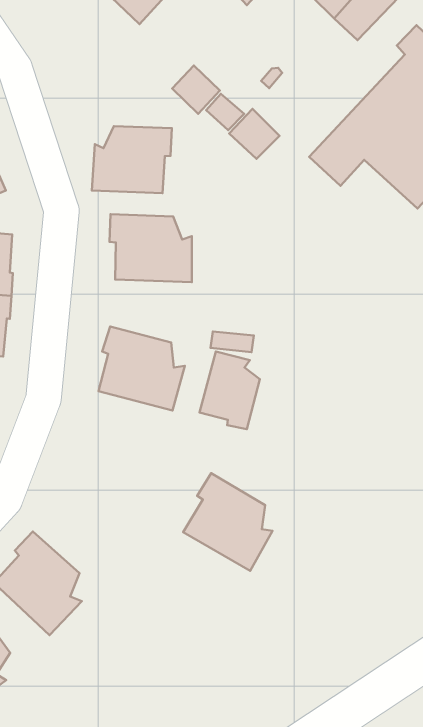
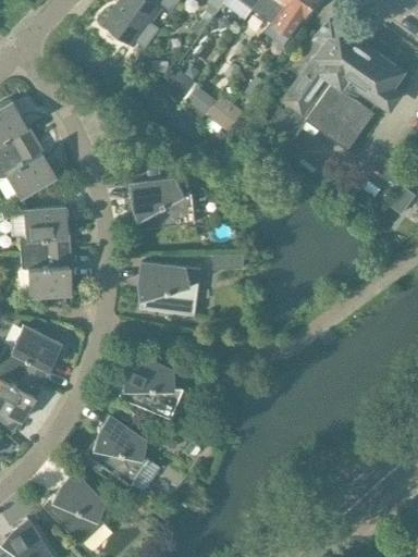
building: [92,126,172,193] -> none
building: [200,352,260,429] -> none
building: [183,473,272,571] -> [118,352,181,418]

